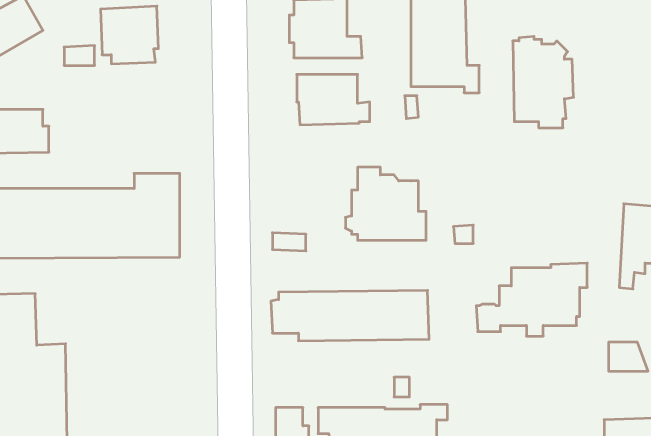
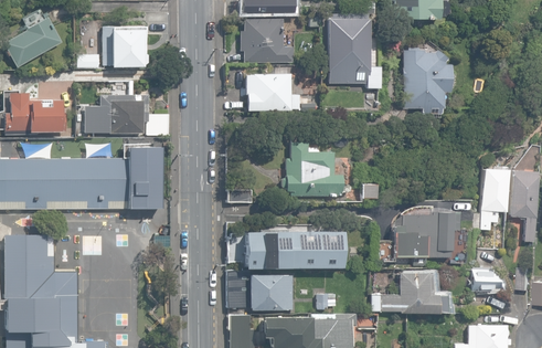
building: none -> [85,94,169,136]
building: none -> [227,270,302,309]
building: none -> [371,274,445,313]

